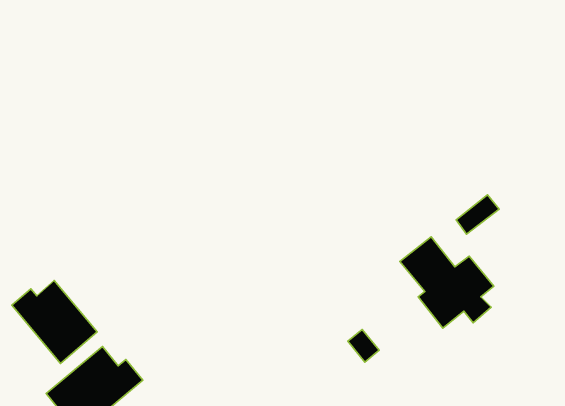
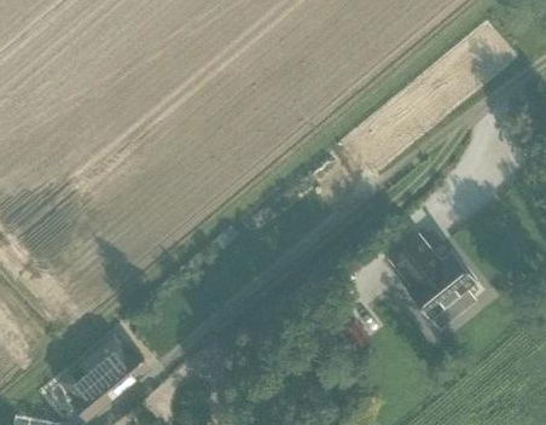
building: [12,281,97,363] -> none

